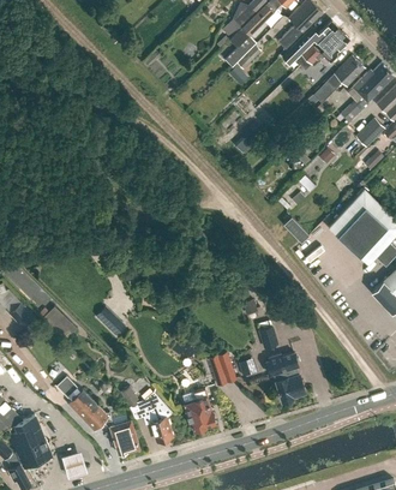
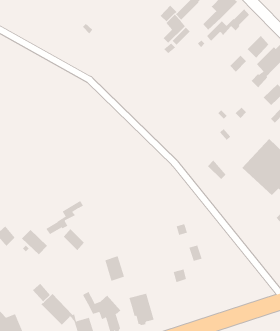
building: [294,30,349,72] -> none
building: none -> [45,200,84,235]
building: [209,352,235,386] -> [104,255,125,281]
building: [265,354,305,402] -> none

